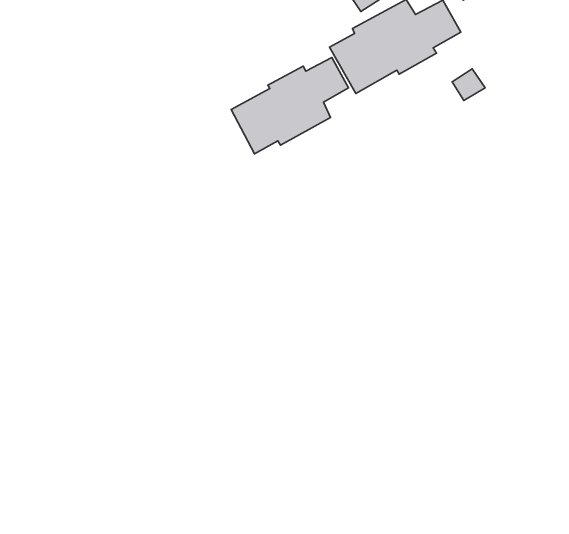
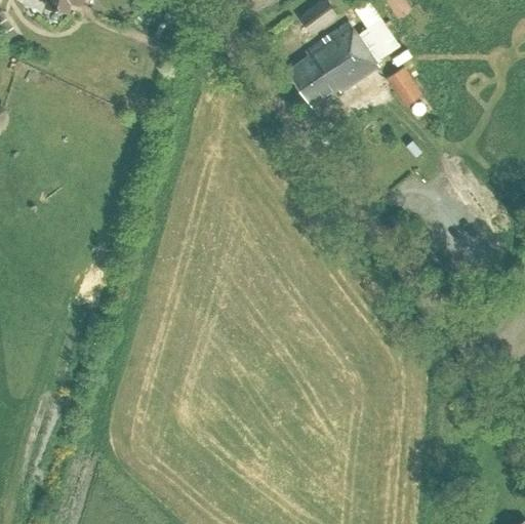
building: [231,57,349,154] -> none

